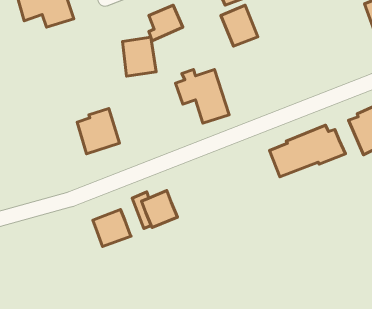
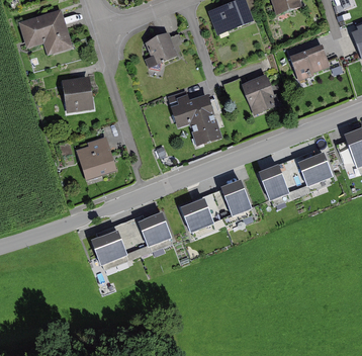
building: [221,5,258,46] -> [242,75,277,114]
building: none -> [289,47,329,80]
building: [122,37,156,76] -> [62,72,94,109]
building: none -> [180,180,250,232]
building: none -> [96,218,140,253]

